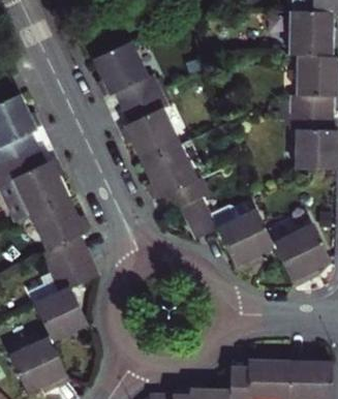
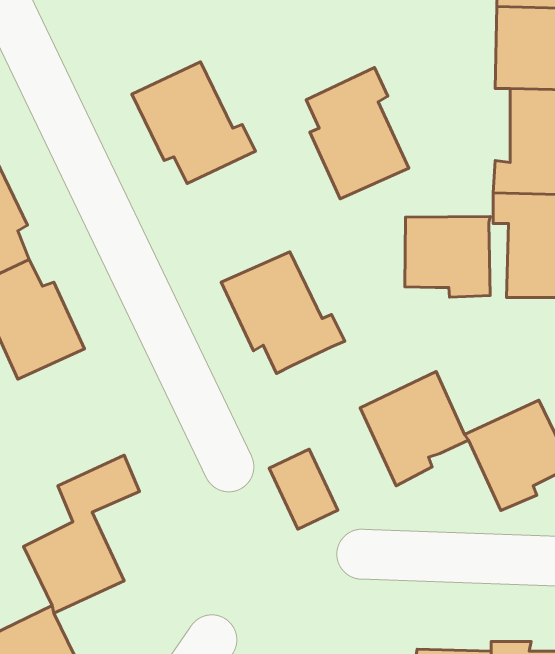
building: [123,90,179,161] -> [306,67,409,199]
building: none -> [405,216,490,297]
building: [180,196,217,240] -> [269,449,338,529]
building: [31,197,89,272] -> none

